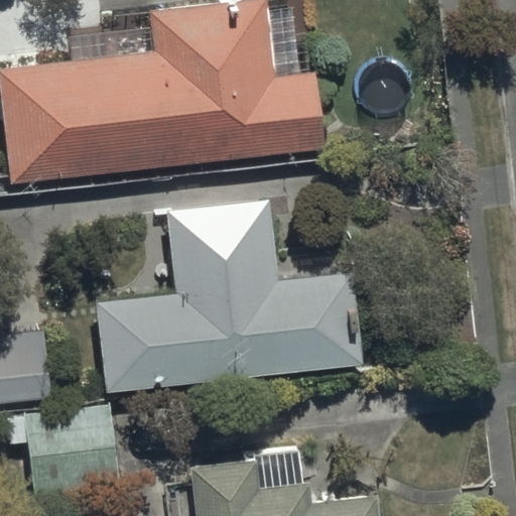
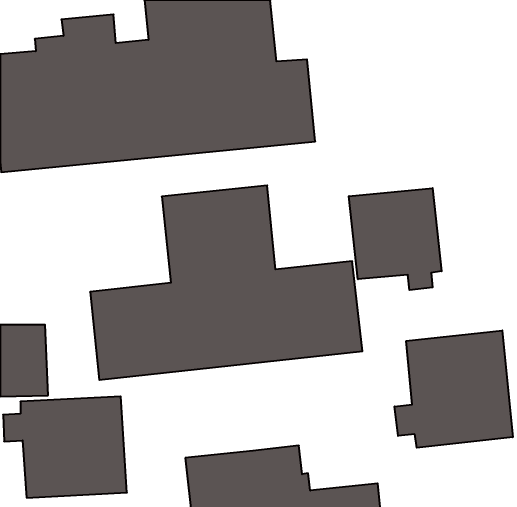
building: none -> [349,188,442,290]
building: none -> [395,330,513,448]

